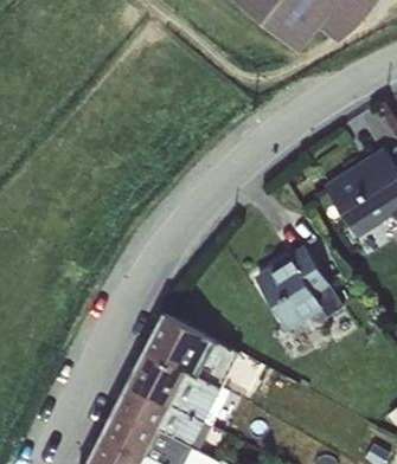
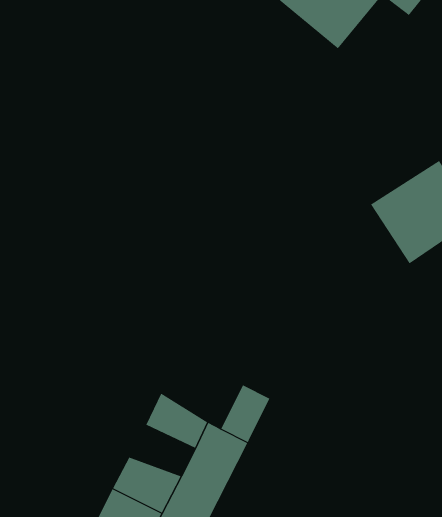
building: [255,246,331,333] -> none
building: [147,312,217,379] -> none
building: [120,375,177,419] -> none

